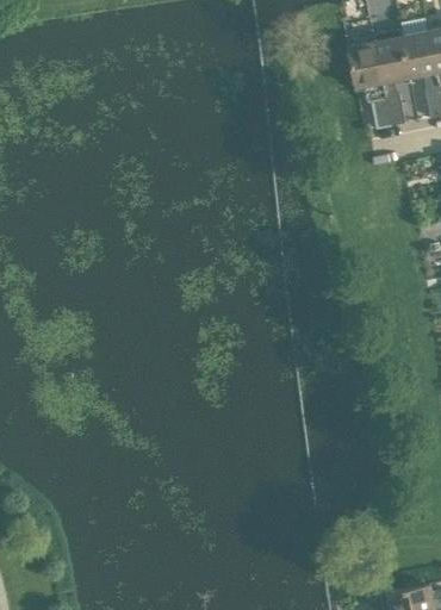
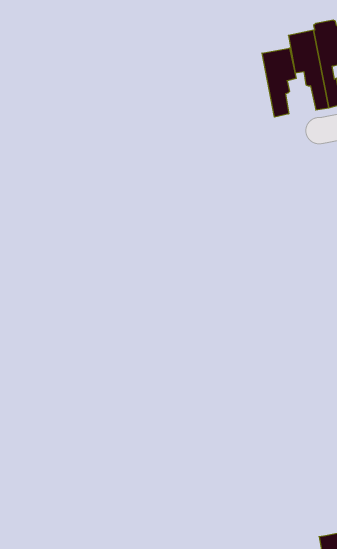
building: none -> [262,48,296,117]

